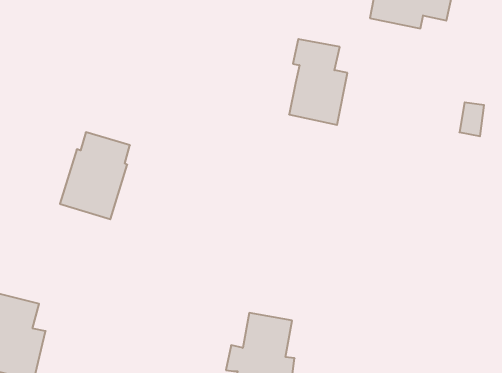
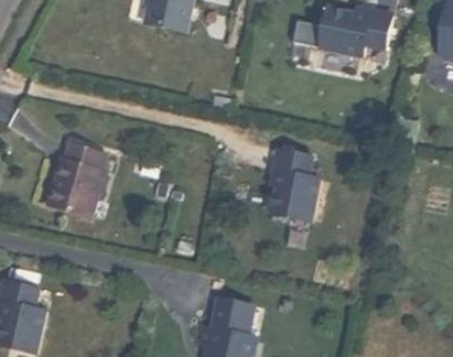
building: [289,39,347,125] -> [268,148,317,220]

